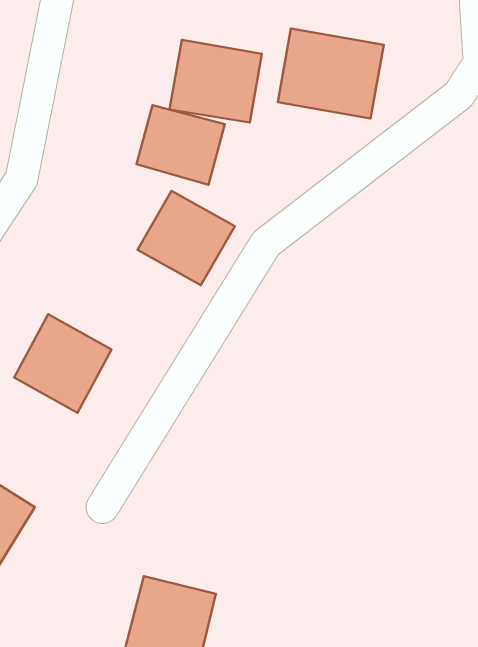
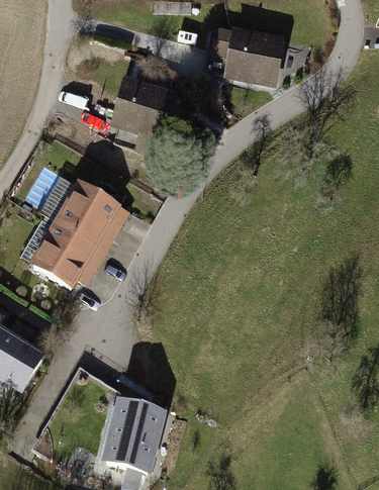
building: [169,40,262,122] -> none
building: [138,191,235,285] -> [54,180,120,244]

